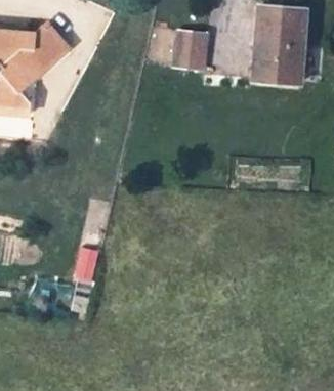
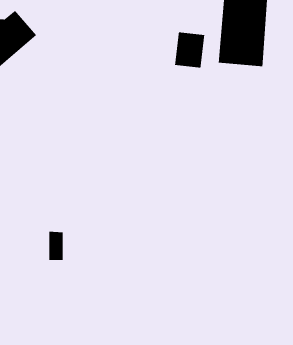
building: [174,31,206,69] -> [174,32,205,69]

